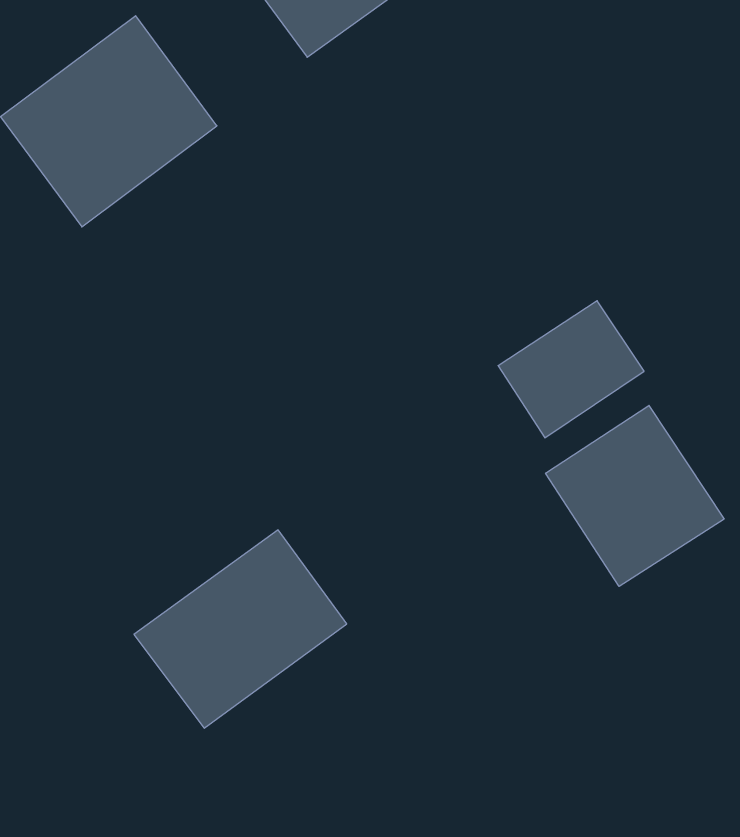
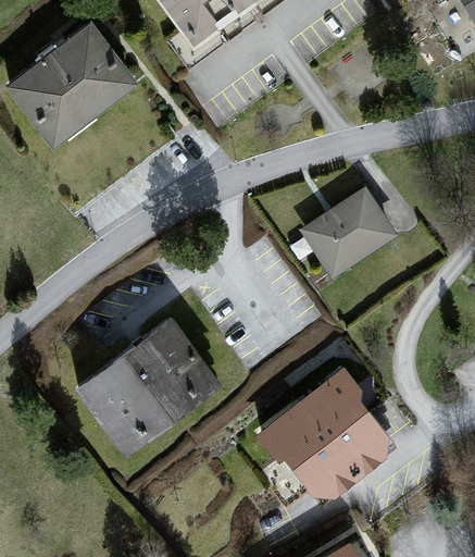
building: [546,405,724,586] -> none
building: none -> [265,372,387,493]

